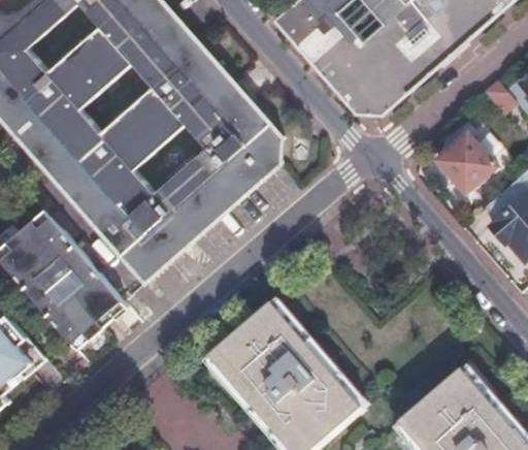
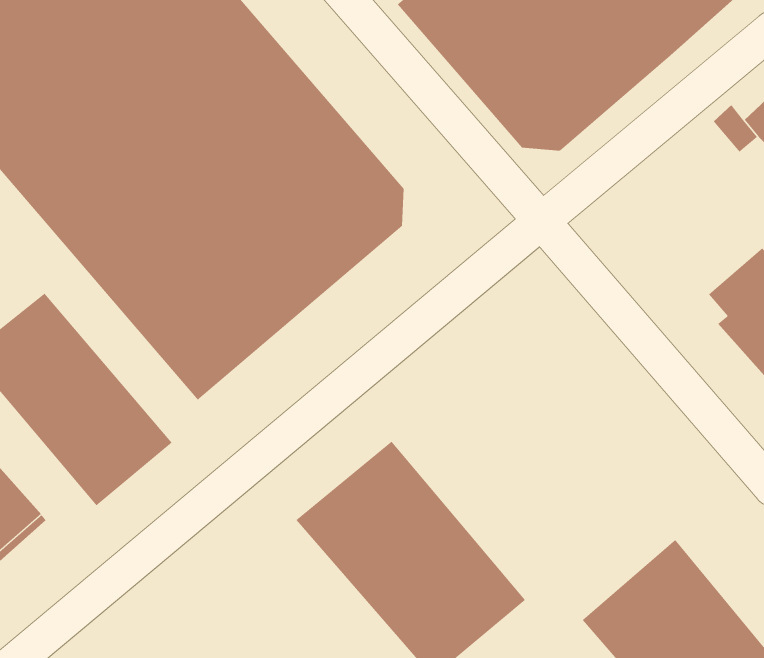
building: [438,136,496,195] -> none

